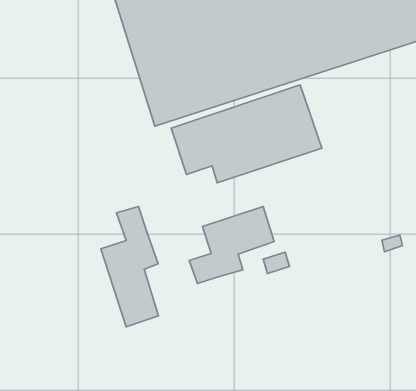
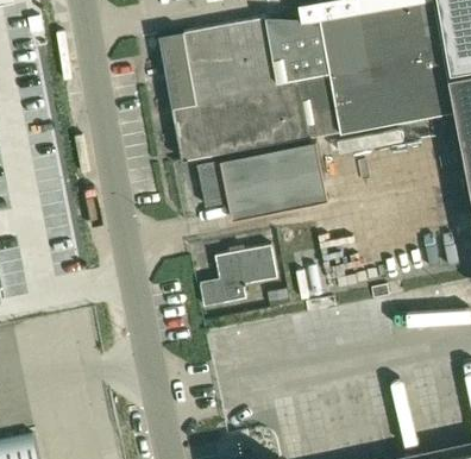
building: [101,206,158,327] -> none

